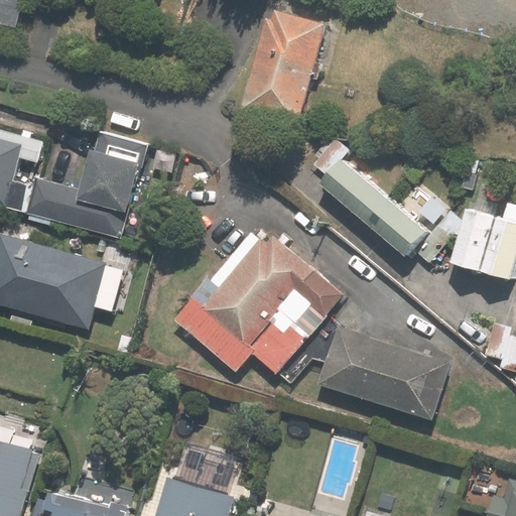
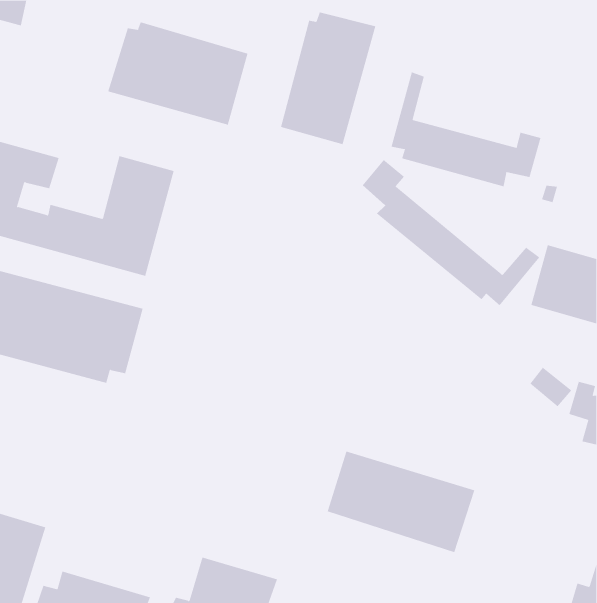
building: none -> [108,22,248,126]
building: none -> [391,72,541,187]
building: [177,232,344,373] -> none
building: [317,332,443,418] -> [327,451,475,553]

